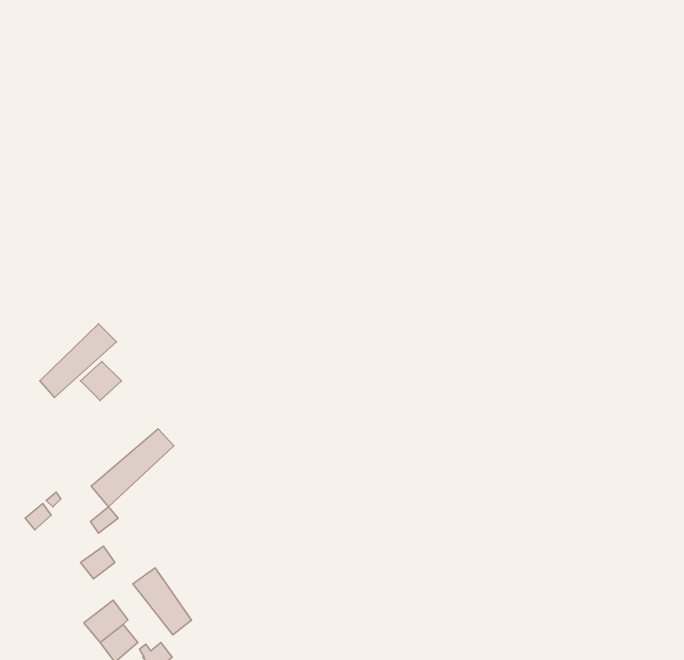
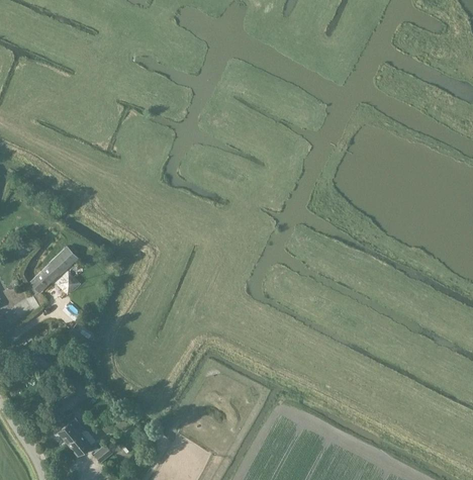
building: [91,429,174,507] -> none
building: [133,568,192,635] -> none

